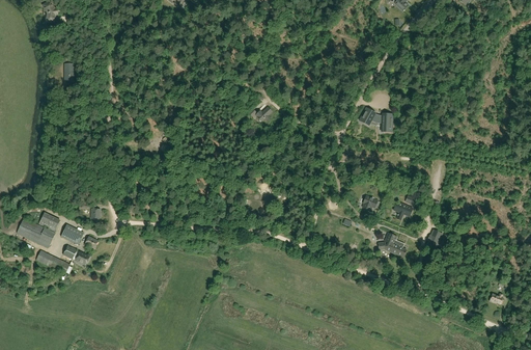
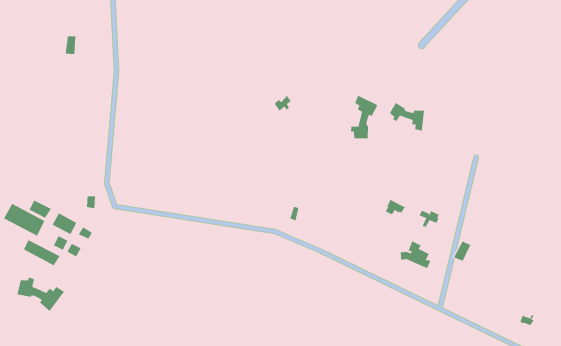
building: none -> [350,95,378,139]
building: none -> [17,277,65,312]

